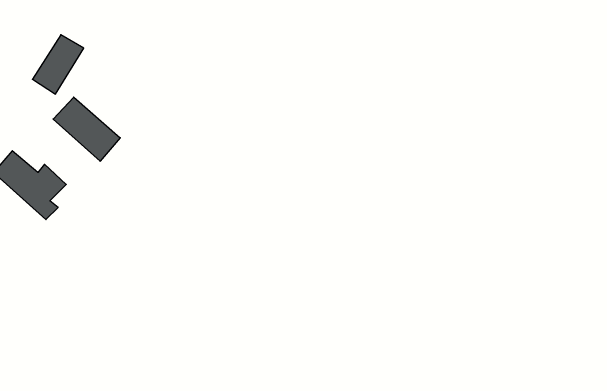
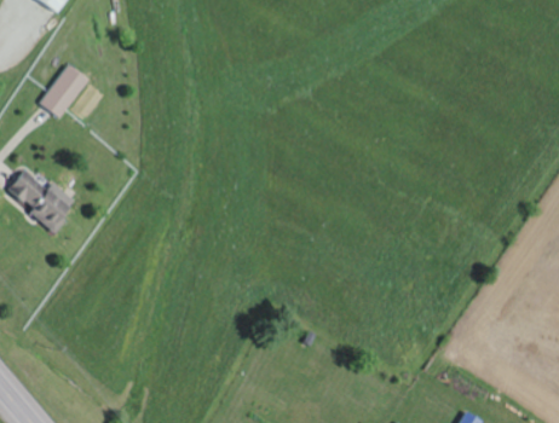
building: [53,97,120,161] -> none

